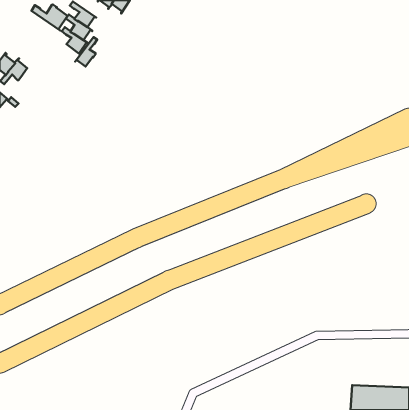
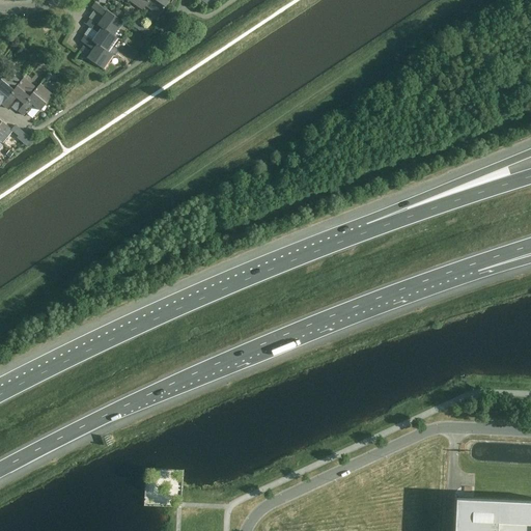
building: [32,5,68,31] -> none
building: [75,37,97,67] -> none
building: none -> [17,82,54,117]

